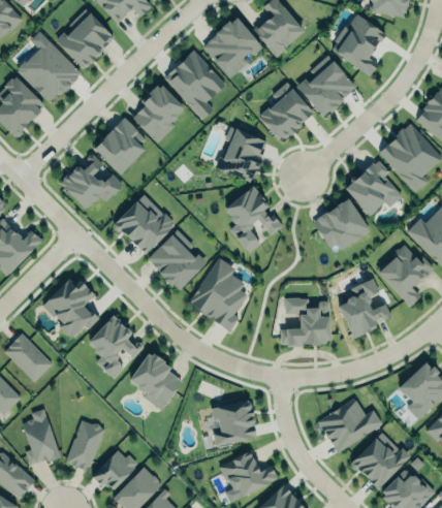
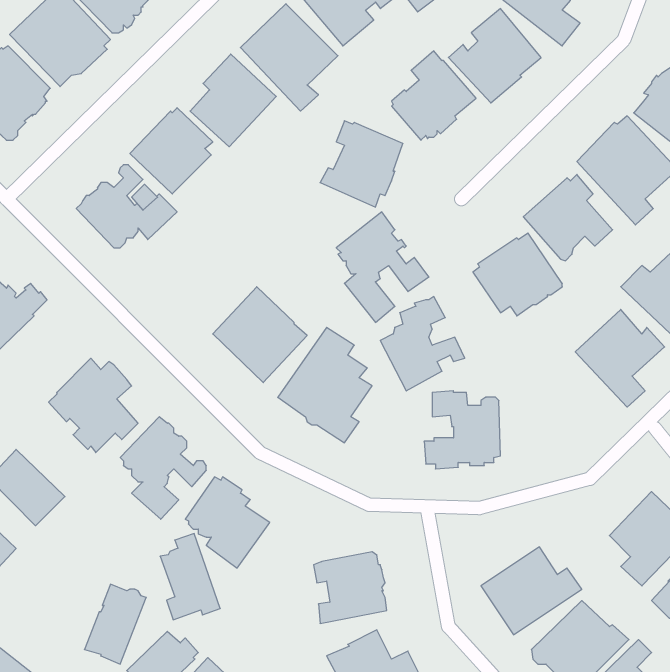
building: [114,193,175,254] -> none
building: [338,278,391,338] -> [380,297,465,391]
building: [22,409,60,464] -> [160,534,220,620]

